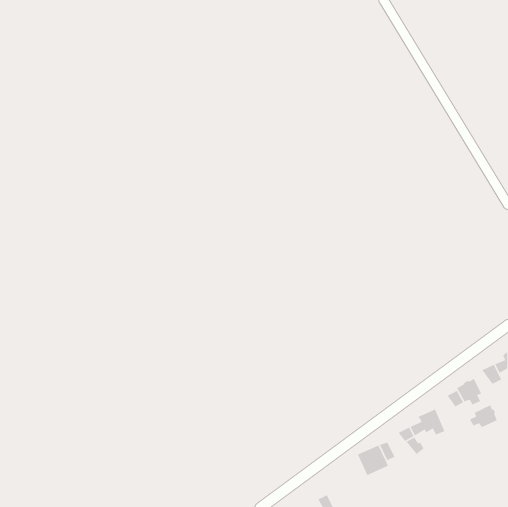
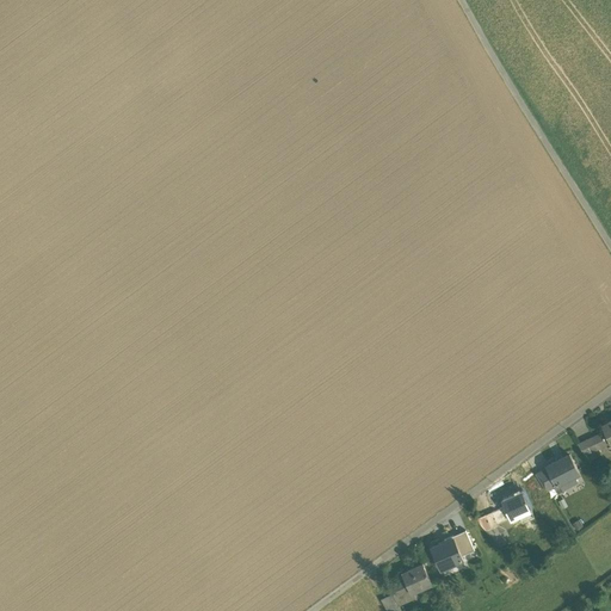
building: [469,404,498,428] -> none
building: none -> [393,564,432,597]

